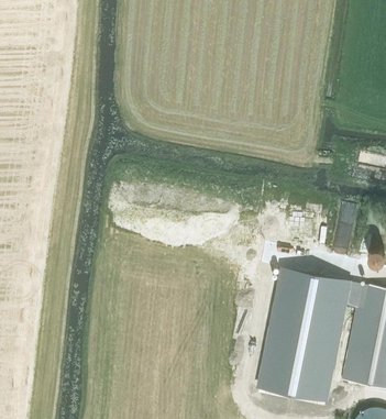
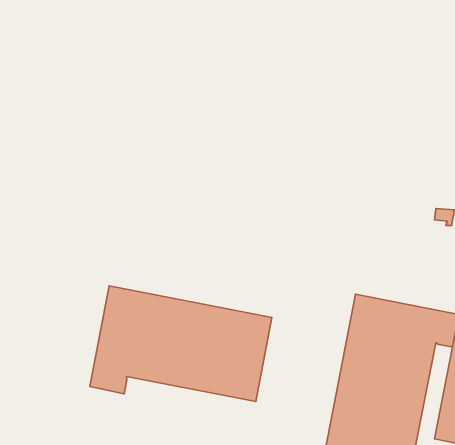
building: none -> [90,286,272,401]

